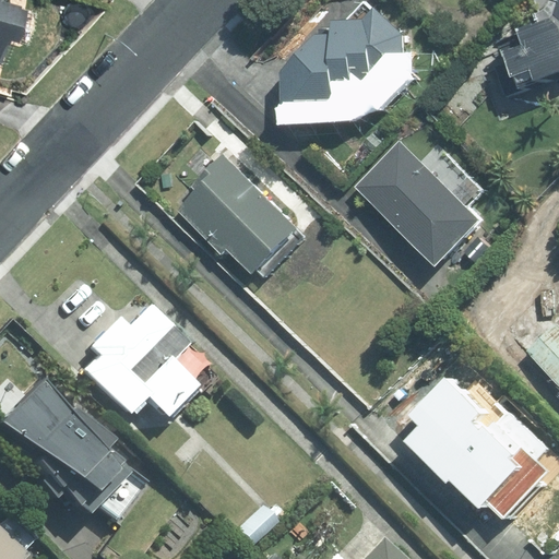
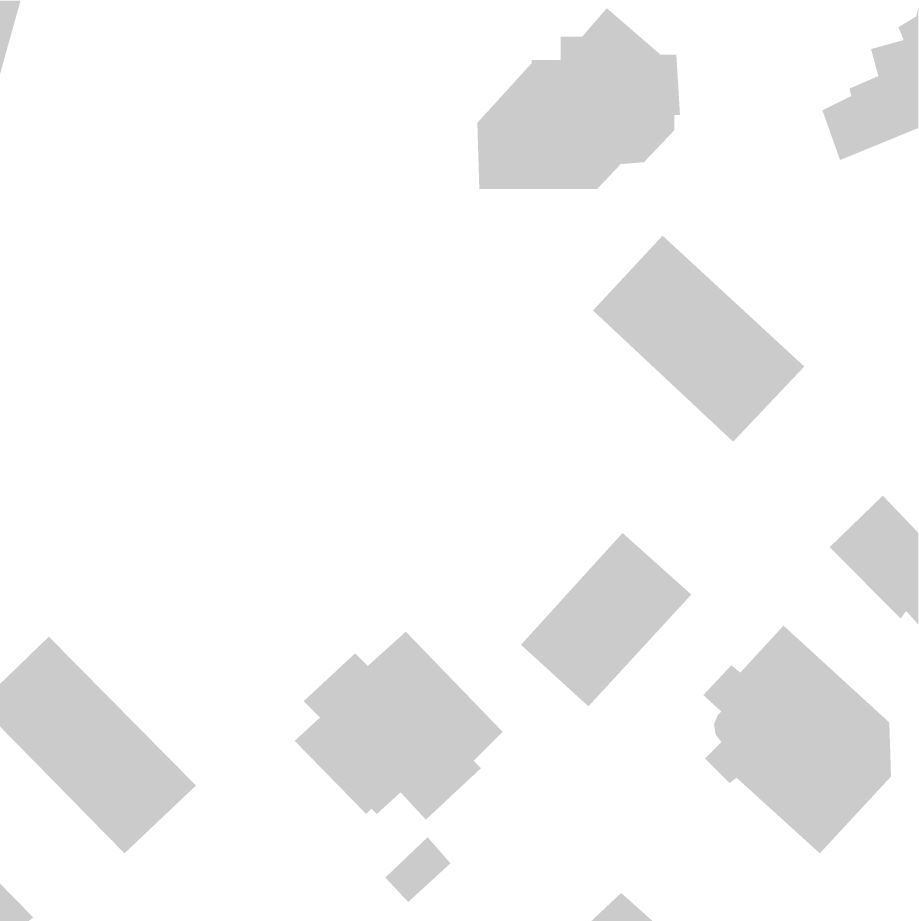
building: [180,156,304,277] -> none
building: [74,307,201,421] -> [294,631,503,820]
building: none -> [520,532,692,707]

